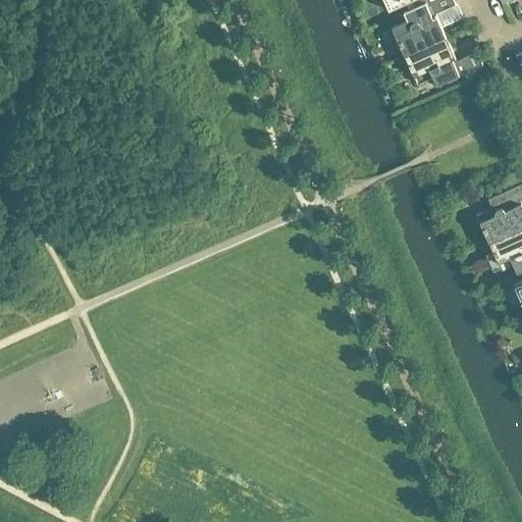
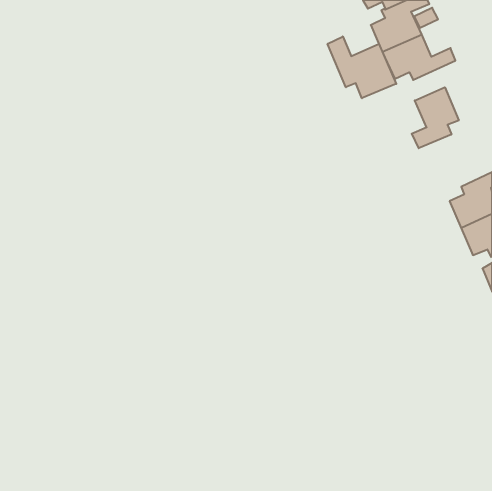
building: none -> [328,36,396,98]
building: none -> [412,87,459,148]

